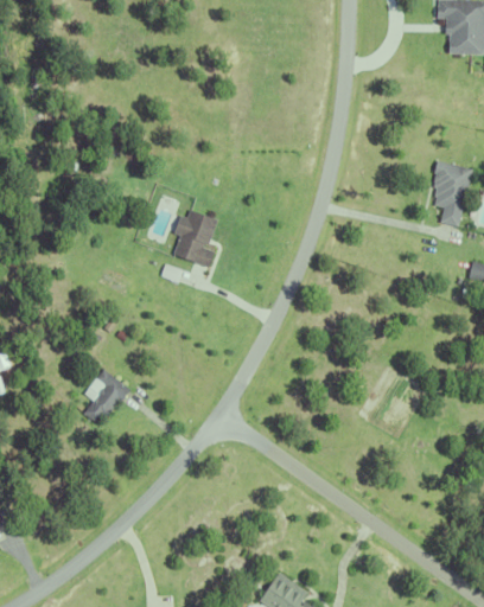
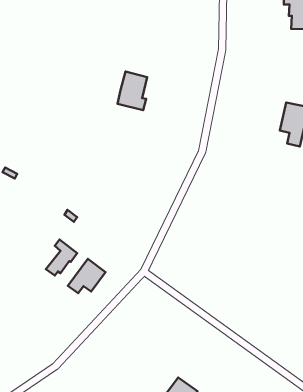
building: [178,210,222,267] -> [117,72,147,110]
building: none -> [68,259,105,293]

